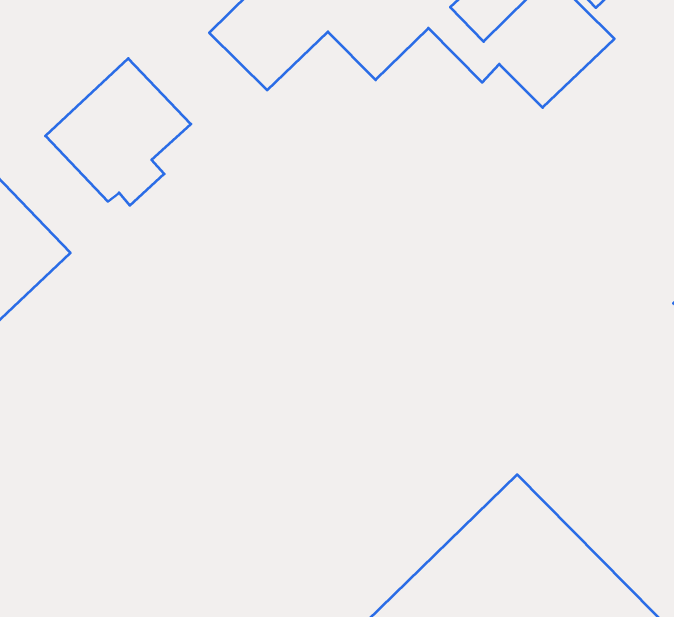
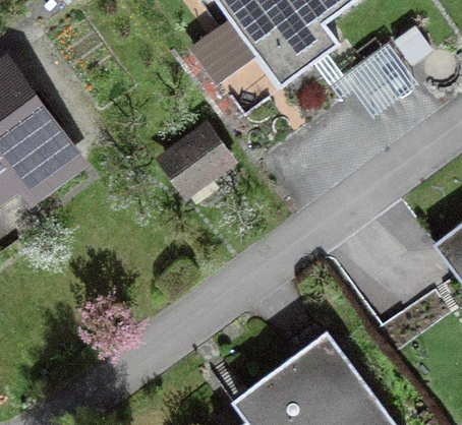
building: [45,58,191,205] -> [153,122,237,206]

